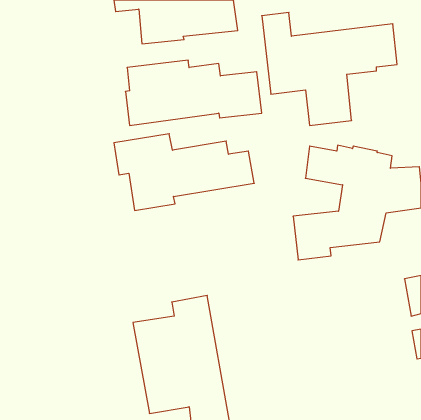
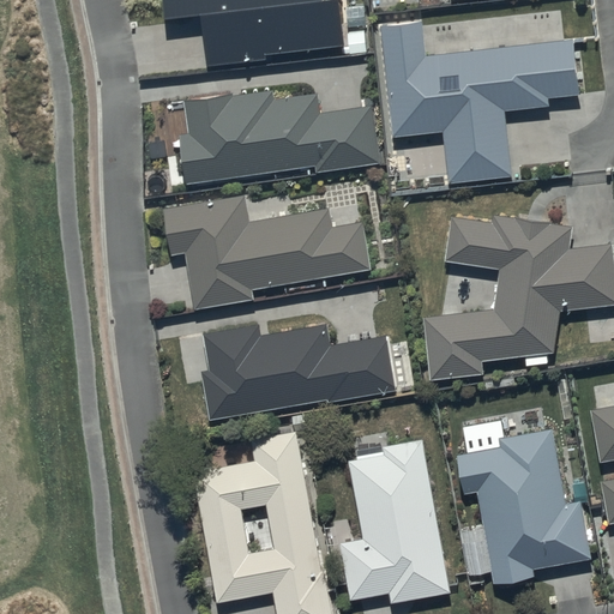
building: none -> [201,324,393,420]
building: none -> [457,429,590,584]
building: none -> [339,435,451,603]

